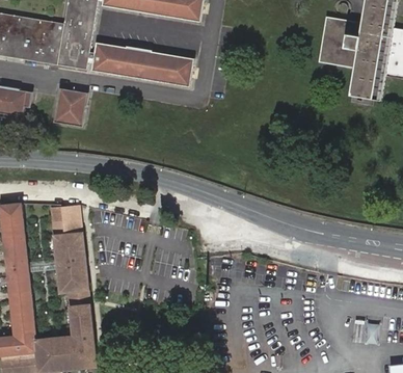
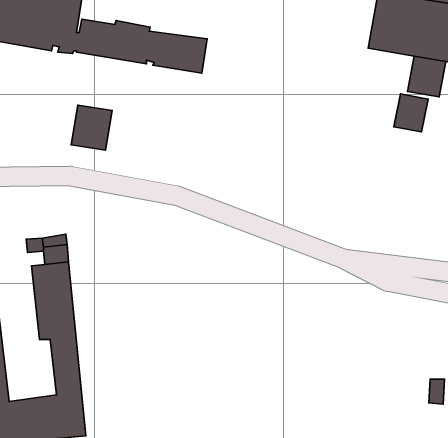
building: [49,91,81,127] -> [71,105,112,150]
building: none -> [394,94,428,132]

